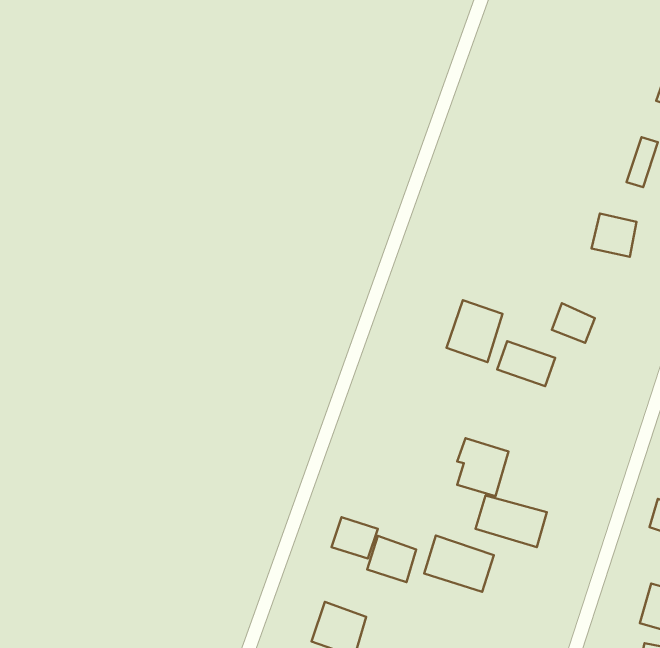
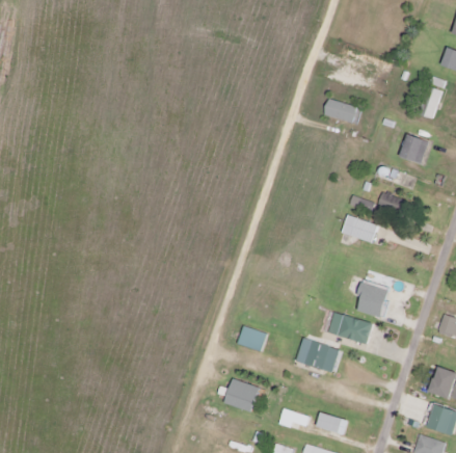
building: none -> [323,98,358,124]
building: [447,300,502,362] -> none
building: [457,438,509,496] -> [357,281,390,317]
building: [367,536,416,582] -> none

